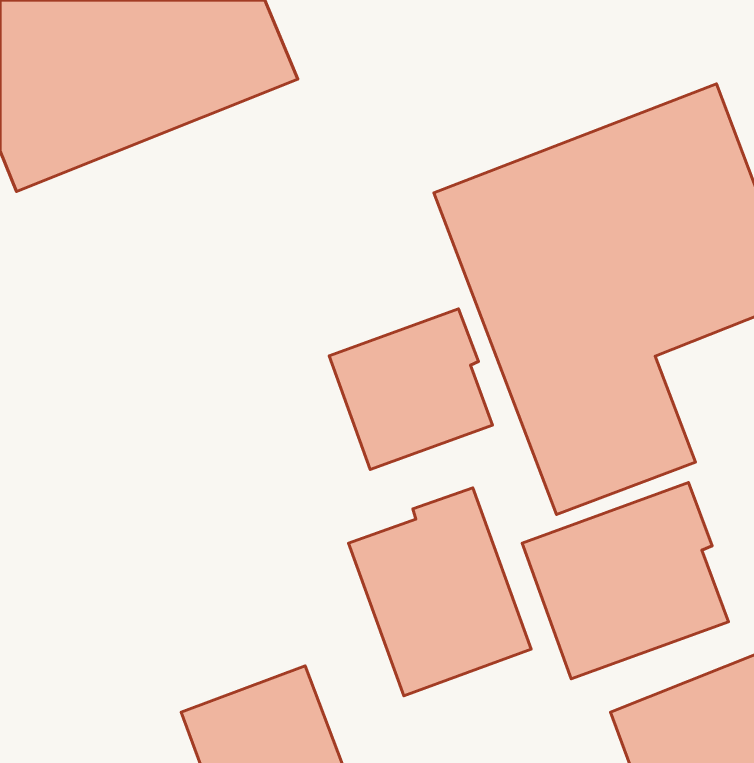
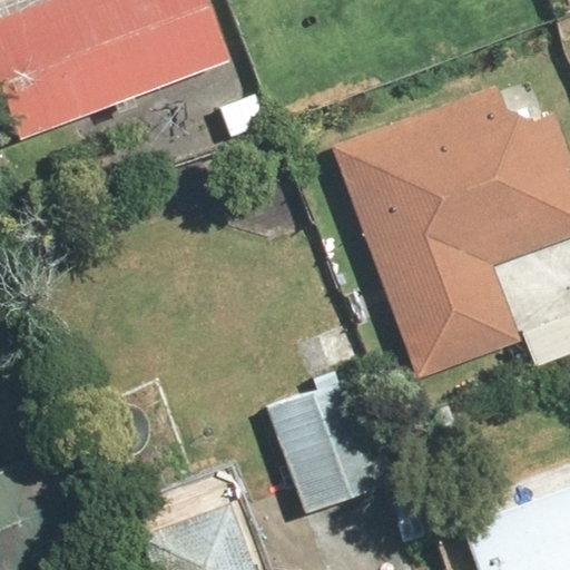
building: [329,309,492,469] -> none
building: [522,482,728,679] -> none

